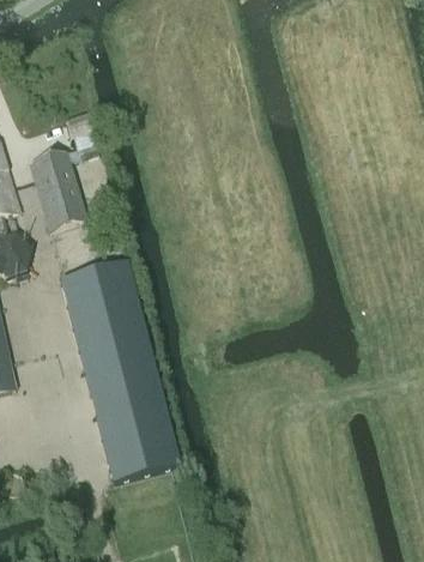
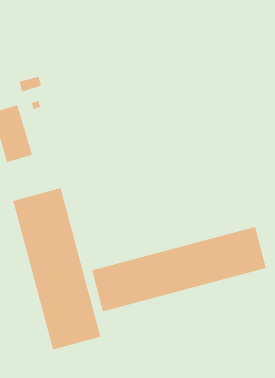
building: none -> [91,226,267,312]

